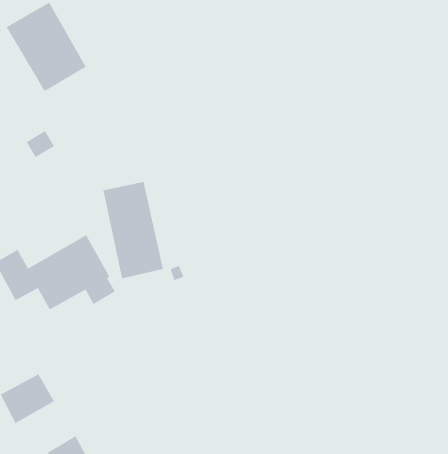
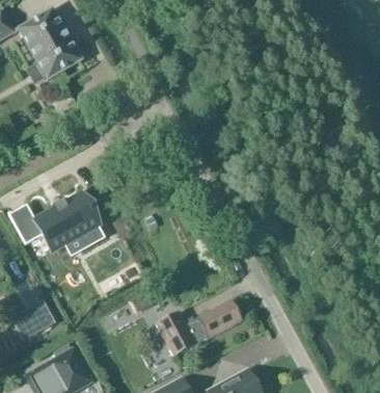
building: [103,181,164,279] -> none
building: none -> [157,299,241,356]

